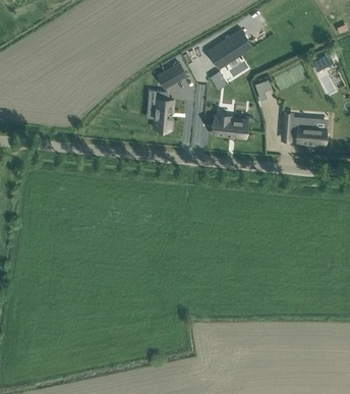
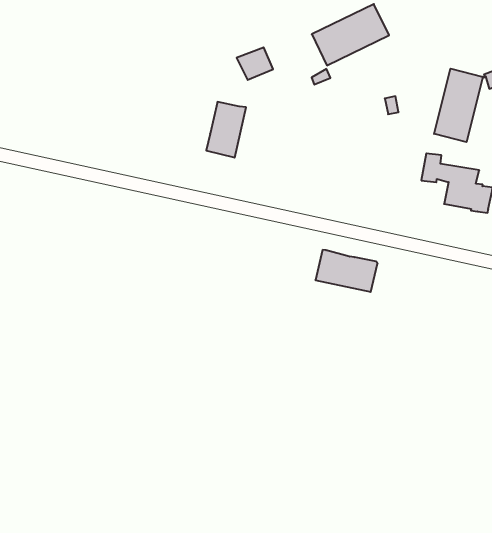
building: none -> [434,69,483,142]
building: [212,115,247,136] -> [315,250,378,292]

